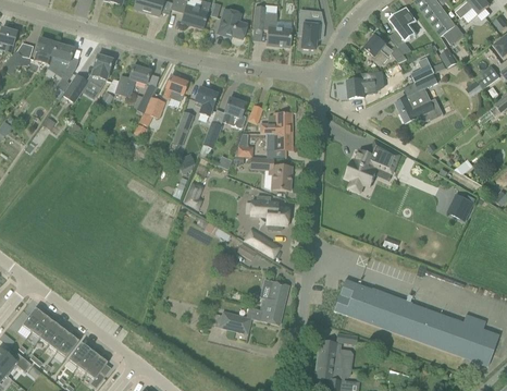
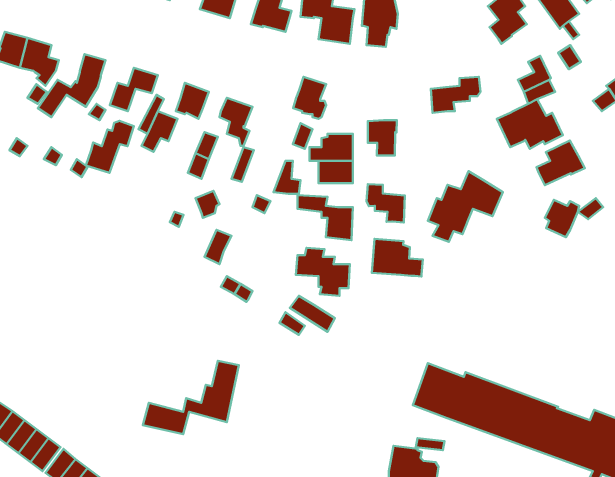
building: [366,34,407,63] -> none
building: [222,97,246,127] -> [293,77,326,119]
building: none -> [368,120,397,156]
building: none -> [86,121,134,173]
building: none -> [536,140,585,185]
building: none -> [367,184,405,223]
building: none -> [372,239,423,276]
building: [450,194,475,221] -> [545,200,579,237]
building: [219,280,288,333] -> [143,361,239,434]

